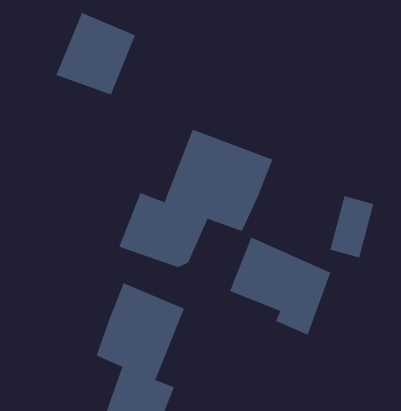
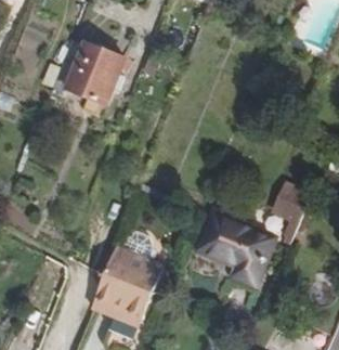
building: [119,129,273,268] -> none

